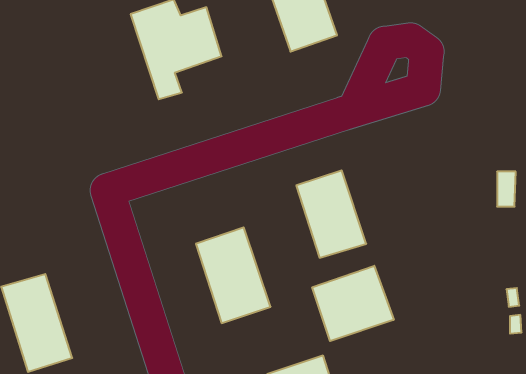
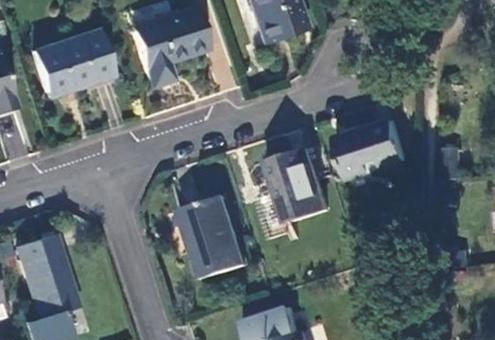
building: none -> [32,32,110,93]
building: none -> [337,119,406,179]
building: [312,266,394,341] -> none

